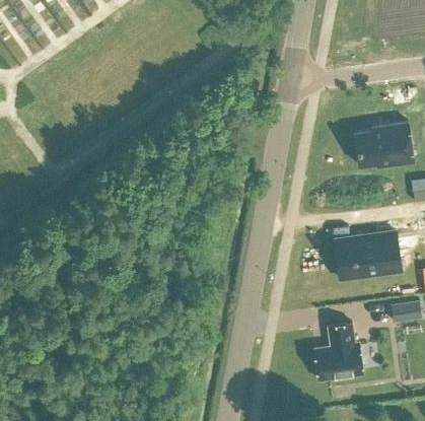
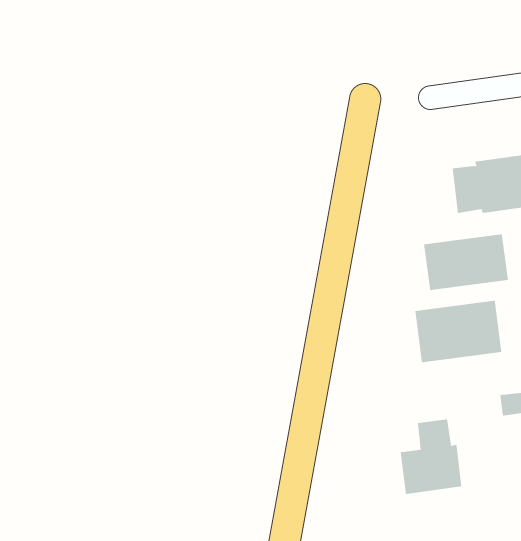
building: none -> [424,233,509,291]

